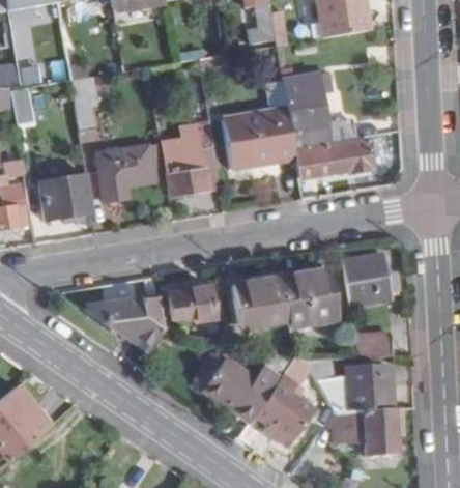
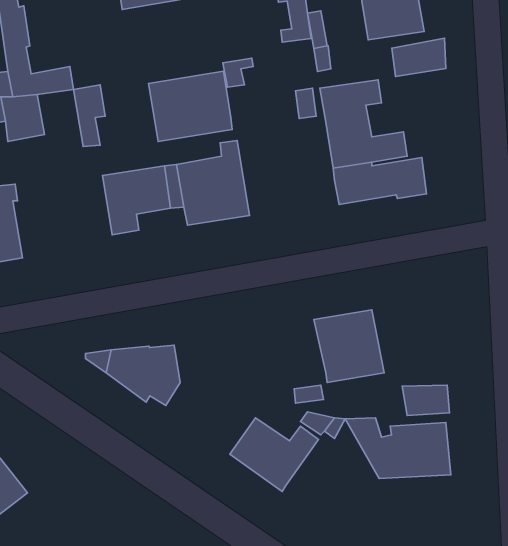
building: none -> [392,38,446,77]
building: [223,107,294,167] -> [148,71,232,142]
building: [38,174,93,219] -> none
building: [340,254,400,307] -> none
building: [231,275,287,328] -> none
building: [164,287,212,325] -> none
building: [253,379,318,444] -> none
building: [333,408,398,457] -> none

